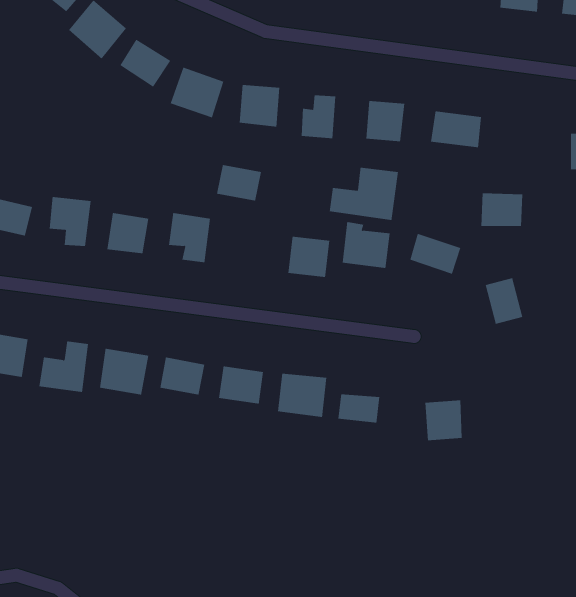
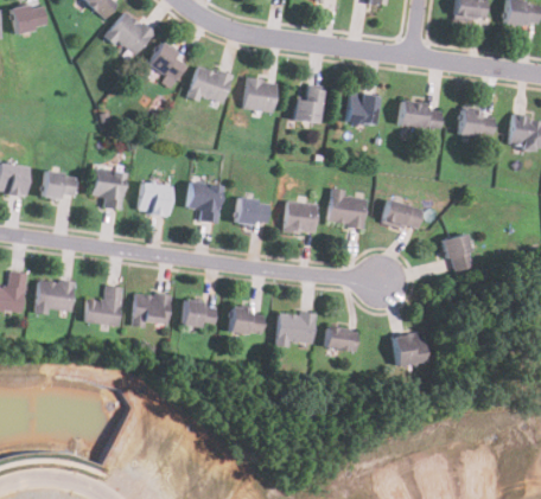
building: [216,164,262,201] -> [235,197,272,226]
building: [329,167,398,221] -> none
building: [480,193,523,227] -> [459,108,494,135]

